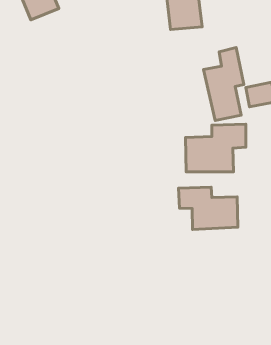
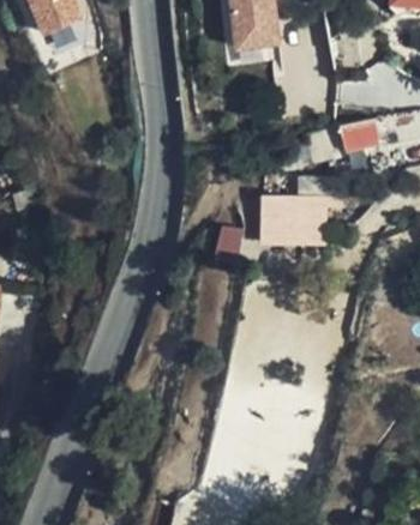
building: [204,48,244,120] -> none
building: [178,187,238,230] -> none

